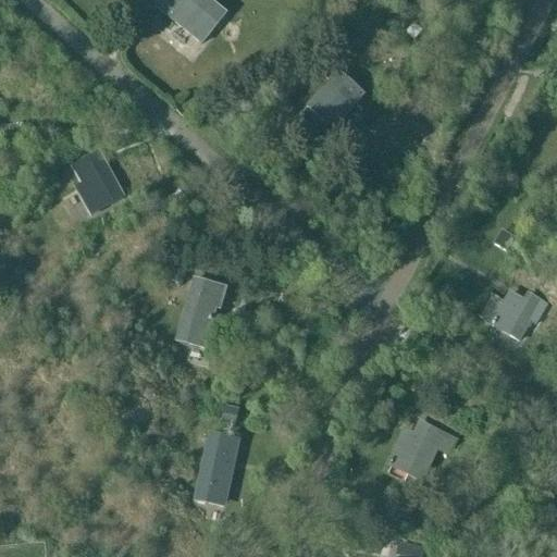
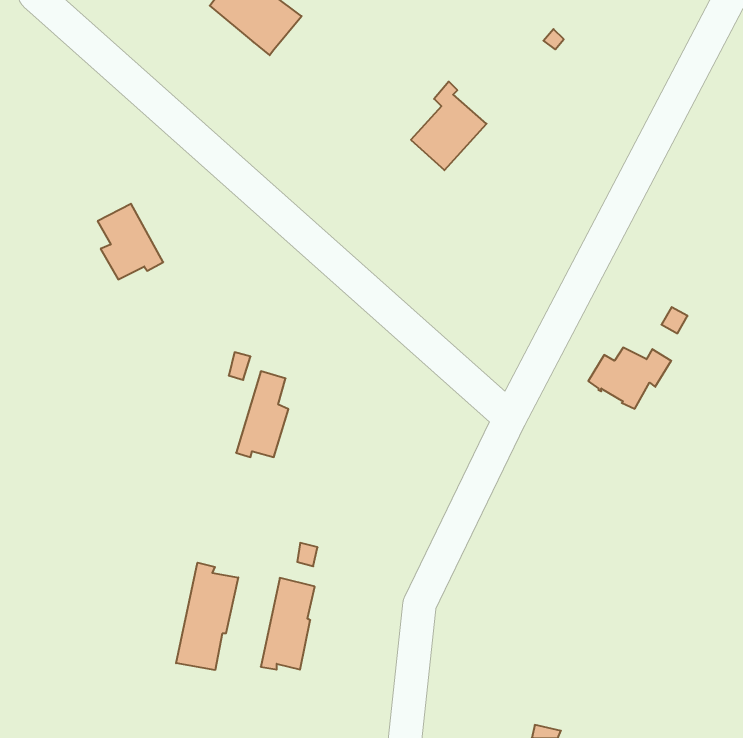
building: [485,293,547,338] -> [588,348,671,409]
building: none -> [176,563,238,670]
building: [391,424,455,479] -> none

